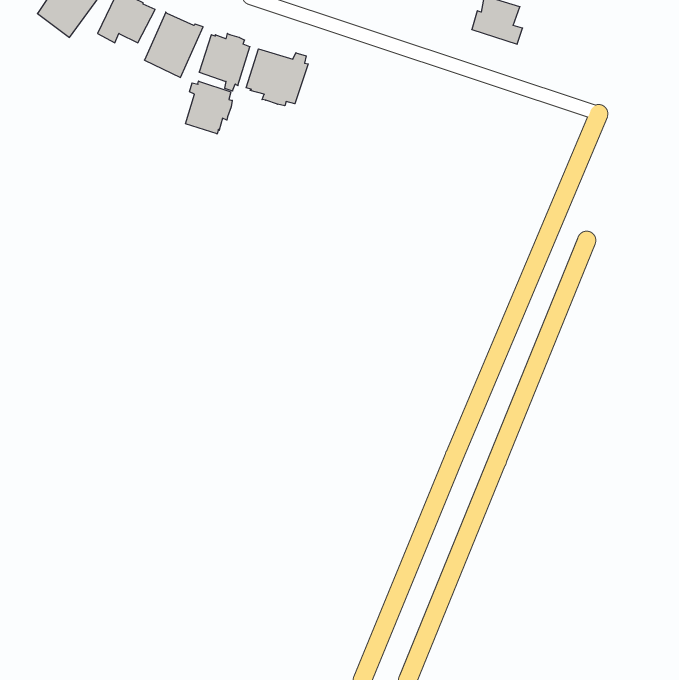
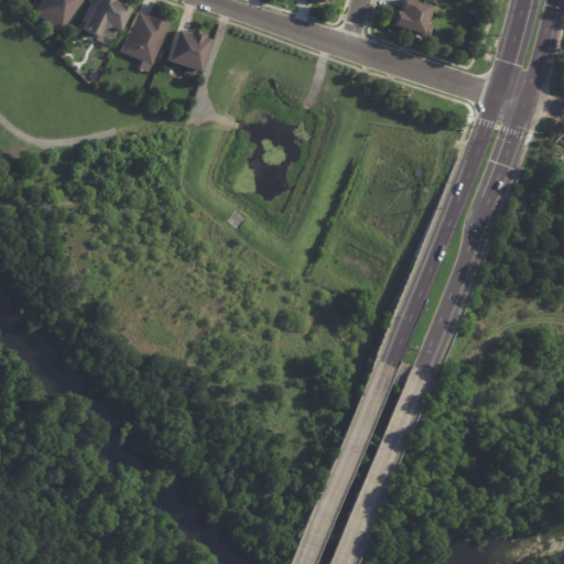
building: [246,49,308,106] -> none
building: [186,81,232,134] -> none

